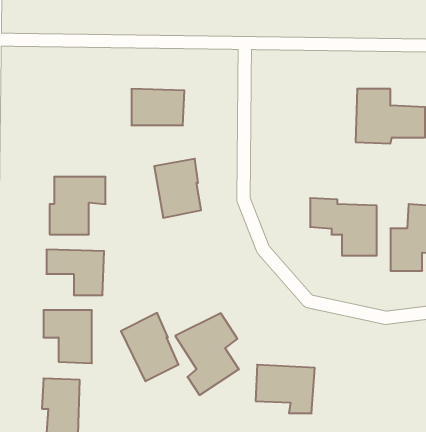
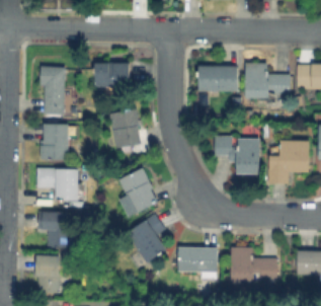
building: none -> [39,65,66,114]
building: none -> [197,65,237,91]
building: [121,313,179,381] -> [118,167,157,213]
building: none -> [229,246,276,282]

